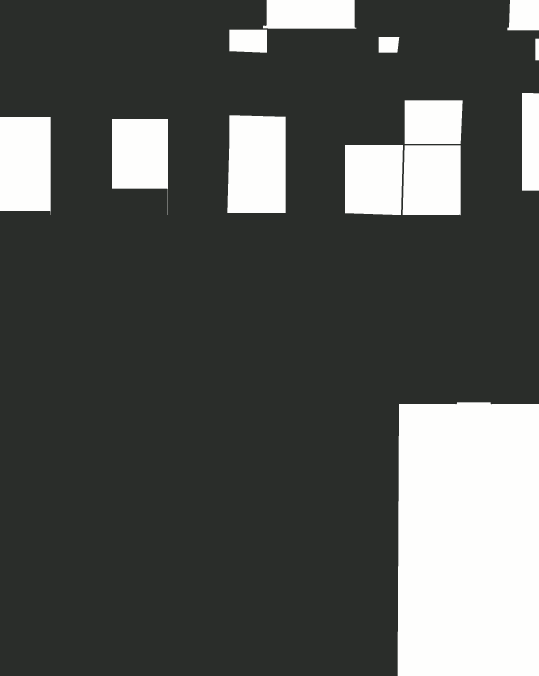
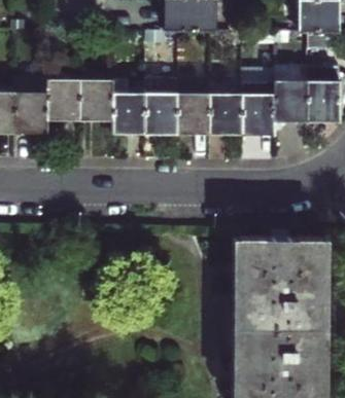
building: none -> [273,66,307,136]
building: none -> [46,79,79,135]
building: none -> [111,80,144,135]
building: none -> [176,80,208,134]

